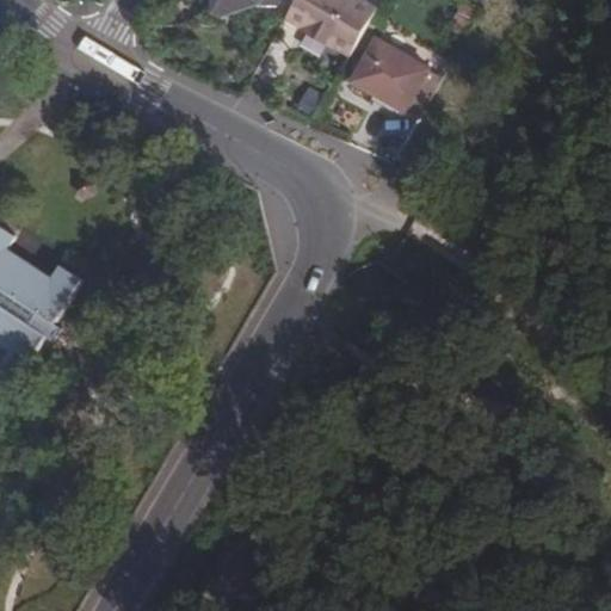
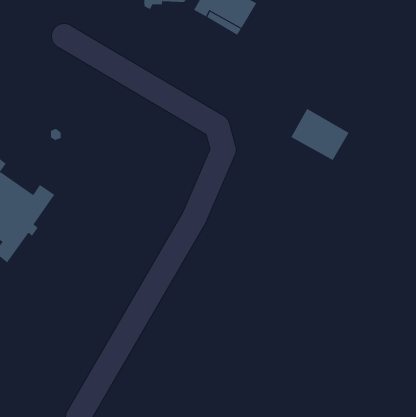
building: [348,36,434,112] -> [290,108,350,161]

